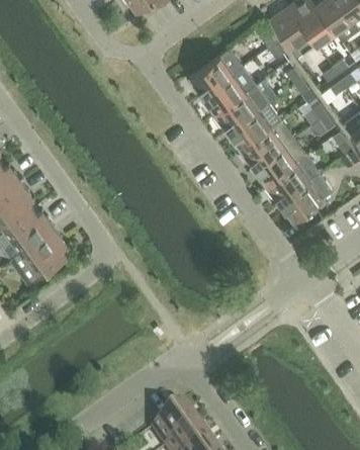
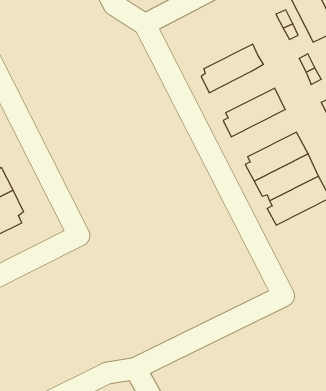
building: [187,49,245,96] -> none
building: [213,85,270,131] -> none
building: [239,120,295,167] -> none

